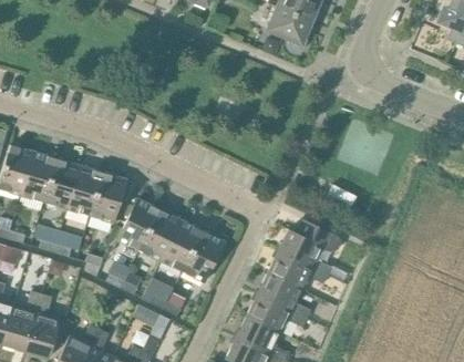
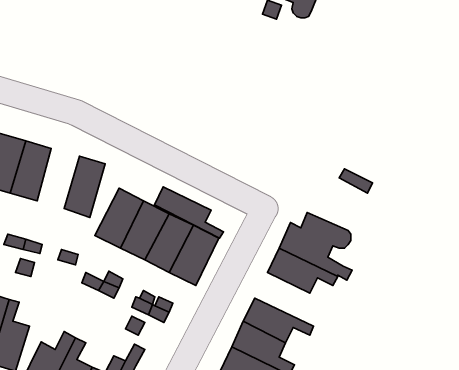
building: [68,165,104,217] -> none
building: none -> [155,187,223,238]
building: [256,272,311,319] -> none

